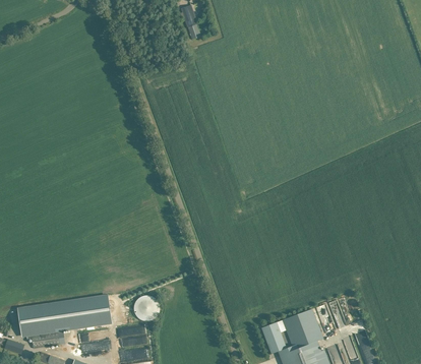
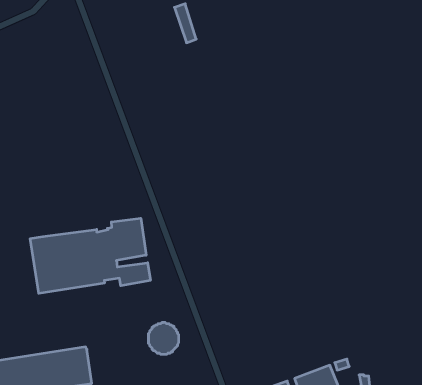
building: none -> [30,218,150,293]
building: [134,295,160,321] -> [148,323,179,354]

